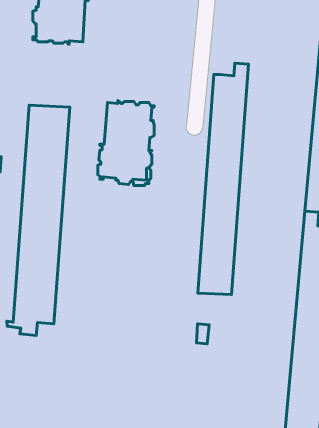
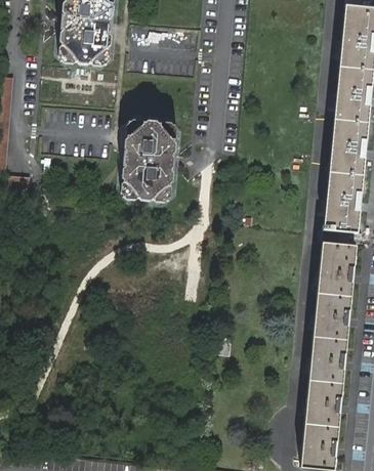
building: [198,63,249,295] -> none
building: [7,105,70,335] -> none

